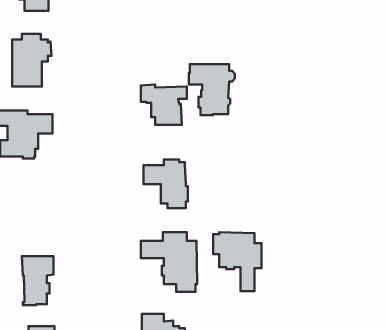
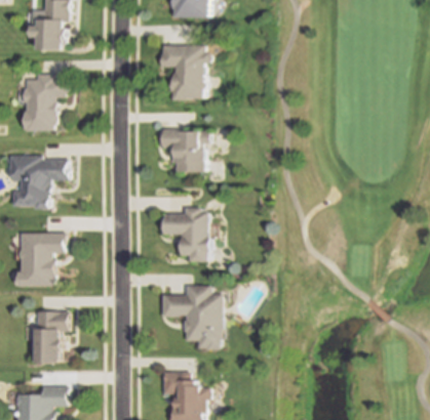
building: [189,64,235,115] -> [159,44,208,98]
building: none -> [16,234,64,286]
building: [213,232,261,291] -> none

